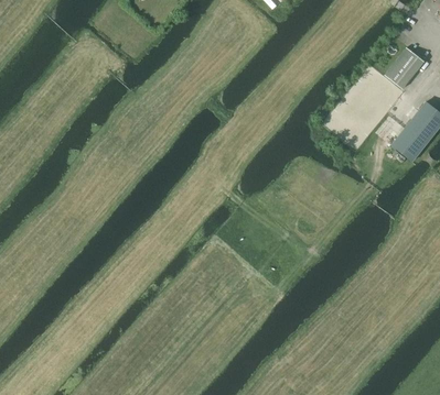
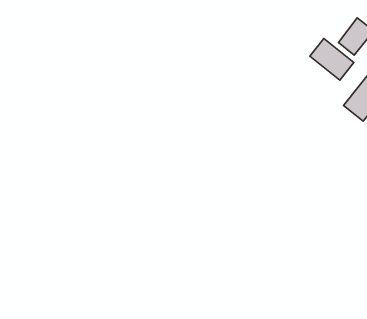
building: none -> [310,39,354,80]

